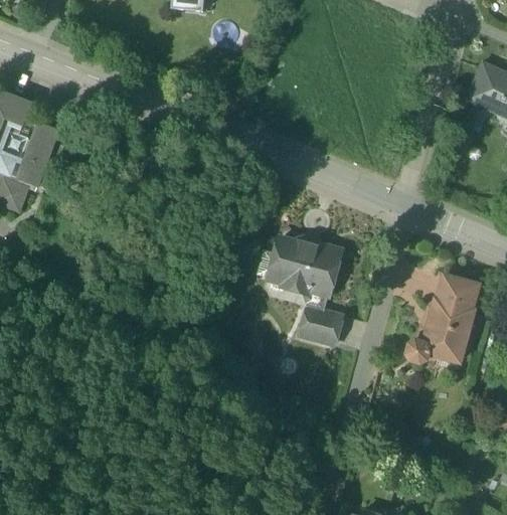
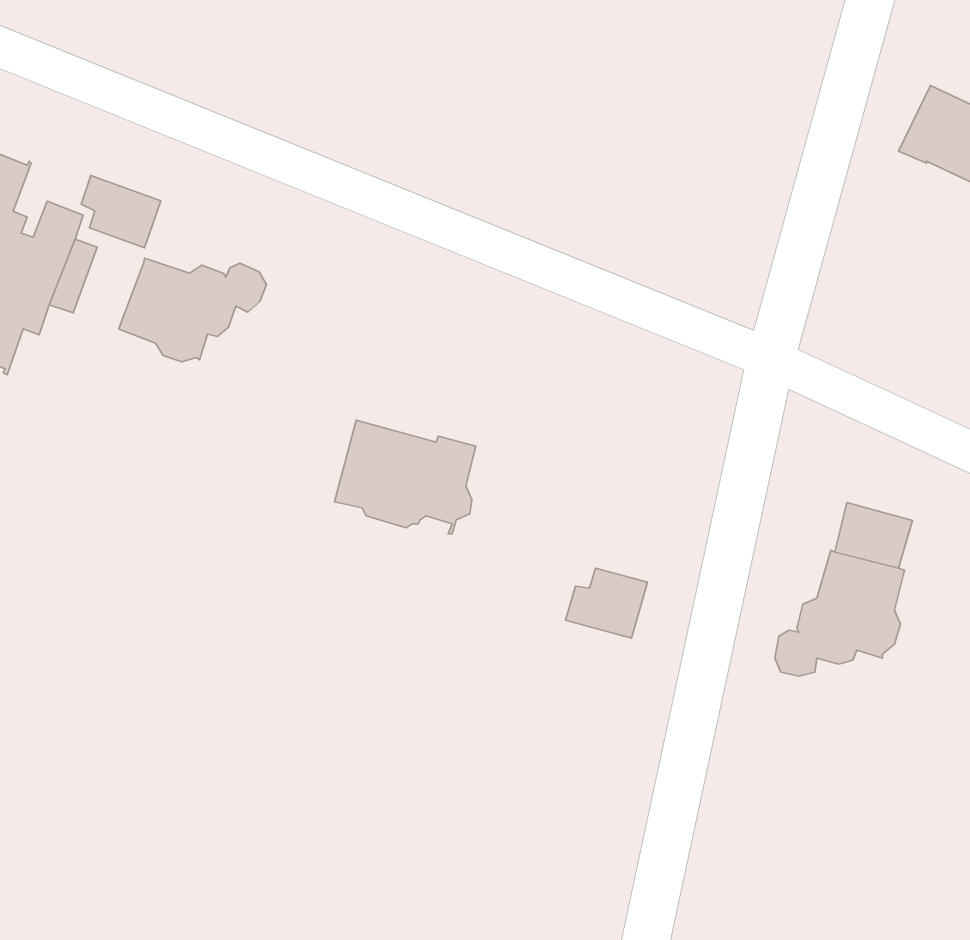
building: none -> [81,175,161,248]
building: none -> [119,258,267,362]
building: [269,236,340,294] -> [334,420,476,534]

